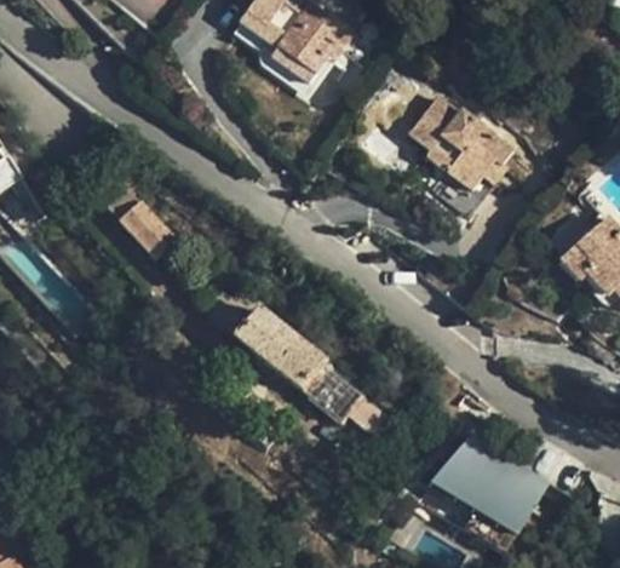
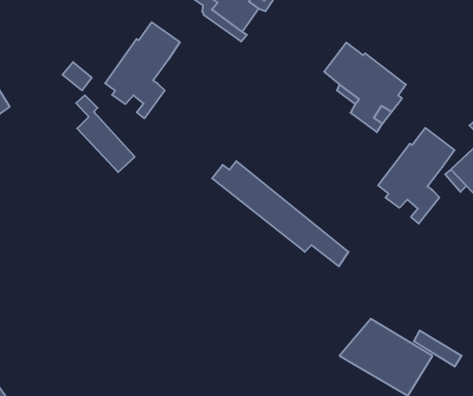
building: none -> [105,22,180,118]
building: none -> [378,128,455,224]
building: [225,306,395,437] -> [212,161,349,266]

